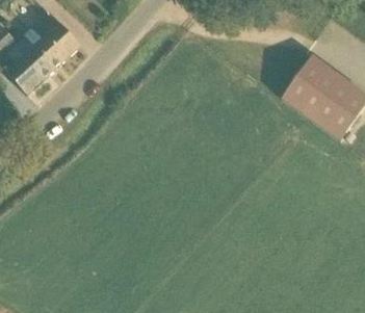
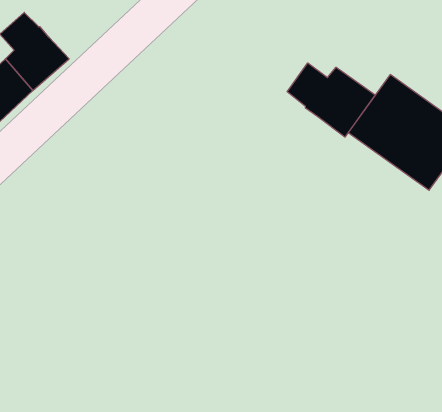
building: none -> [287,63,375,137]

